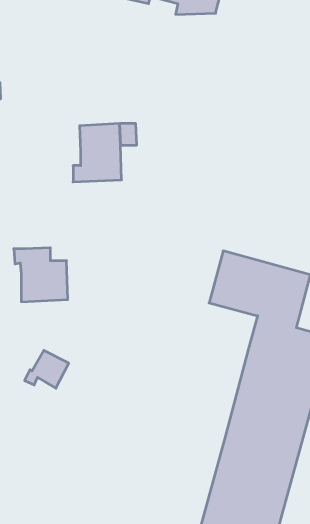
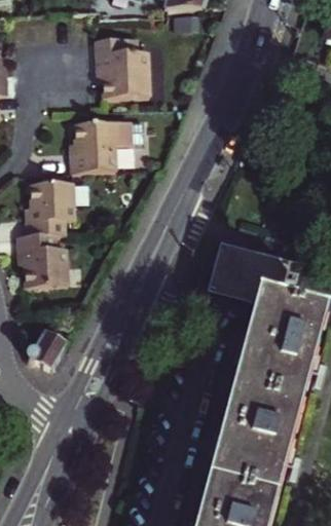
building: none -> [104,35,156,97]
building: none -> [28,184,76,238]

